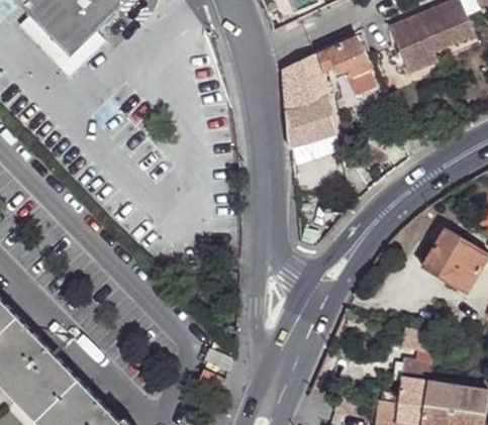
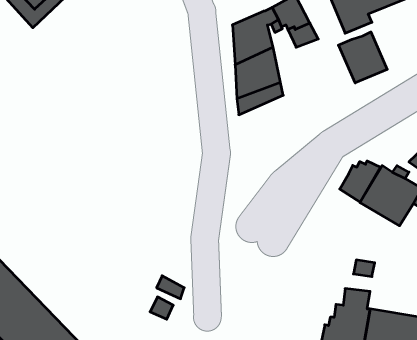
building: none -> [338,32,387,83]
building: none -> [340,161,380,202]

